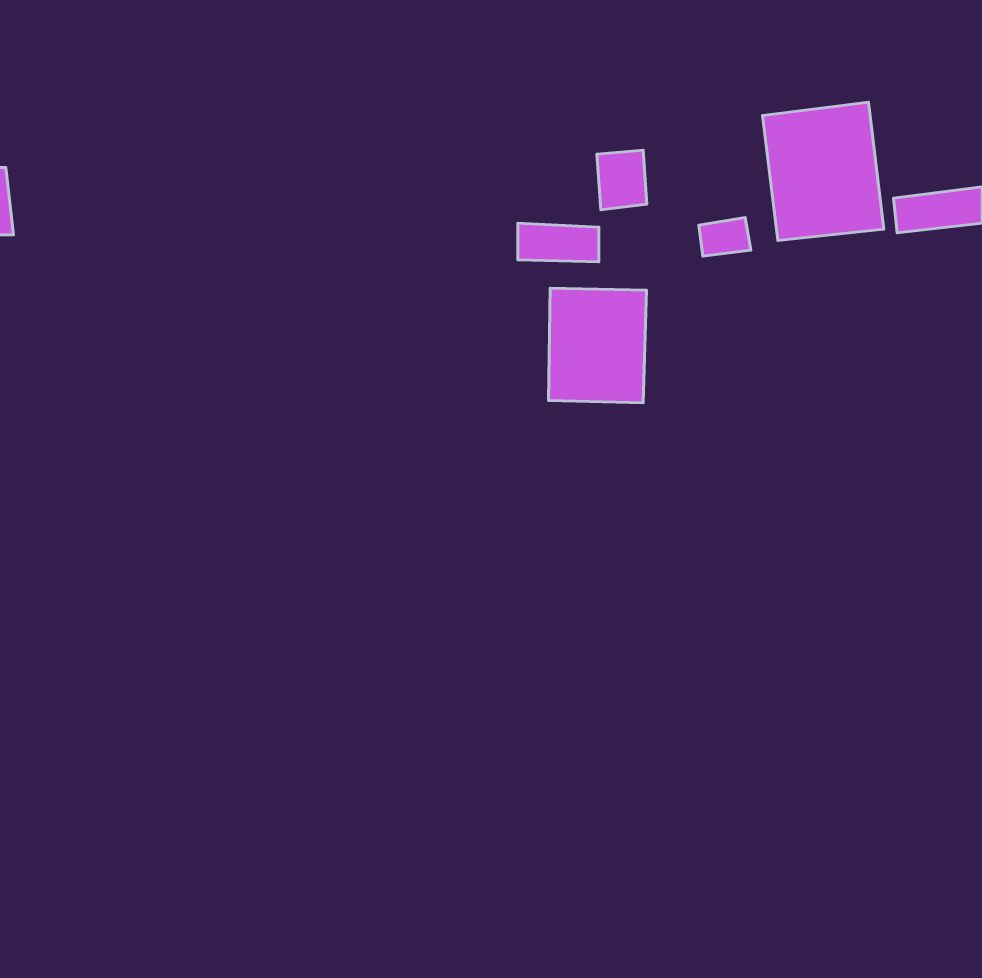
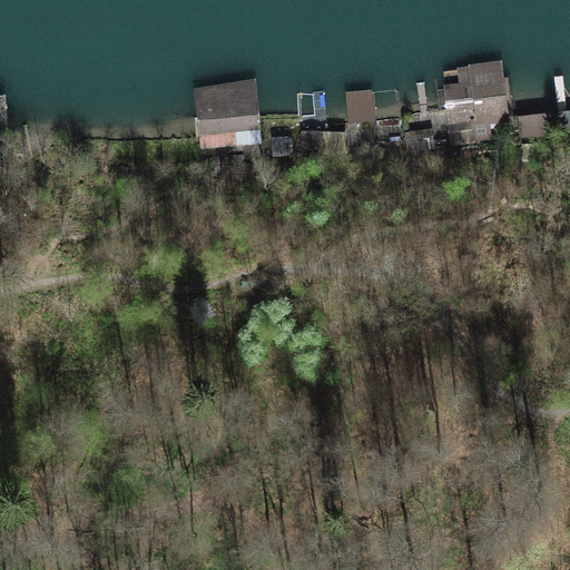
building: none -> [191,79,259,146]
building: [548,288,646,403] -> none

